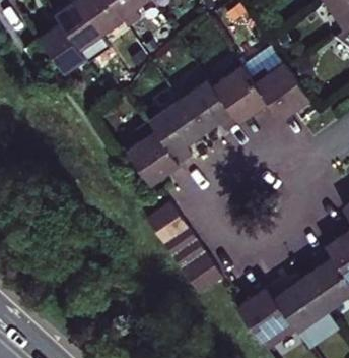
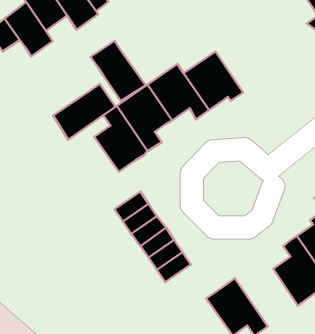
building: none -> [90,41,146,101]
building: [253,64,311,121] -> none
building: none -> [53,84,115,140]
building: [265,282,327,339] -> none

